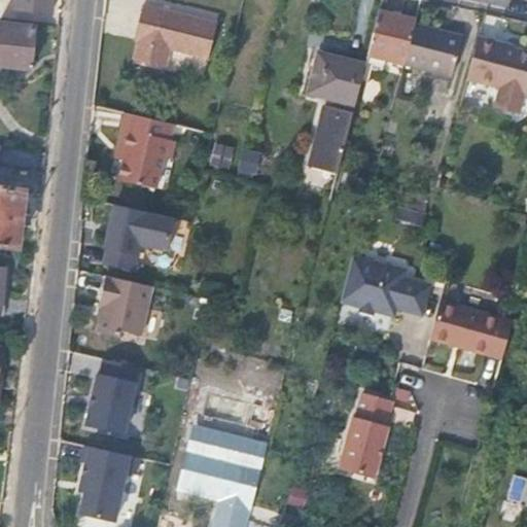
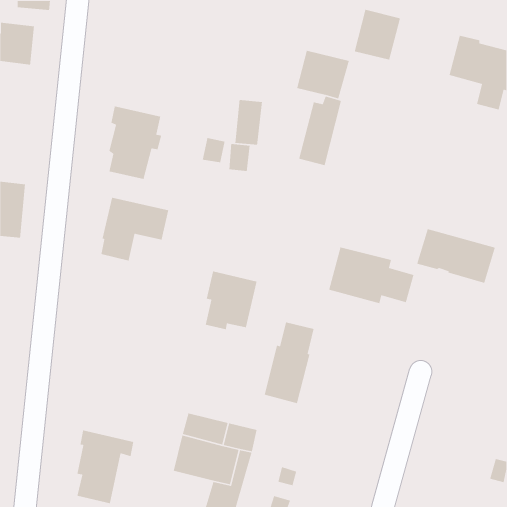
building: [134,7,217,68] -> none
building: [403,22,463,77] -> none
building: none -> [235,99,263,146]
building: [102,277,156,339] -> [205,270,257,330]
building: [429,302,512,359] -> [416,228,496,284]
building: [85,359,138,434] -> none
building: [339,393,391,479] -> [264,322,314,404]

